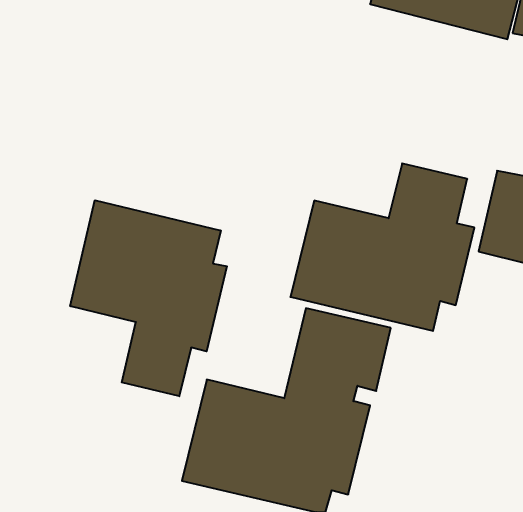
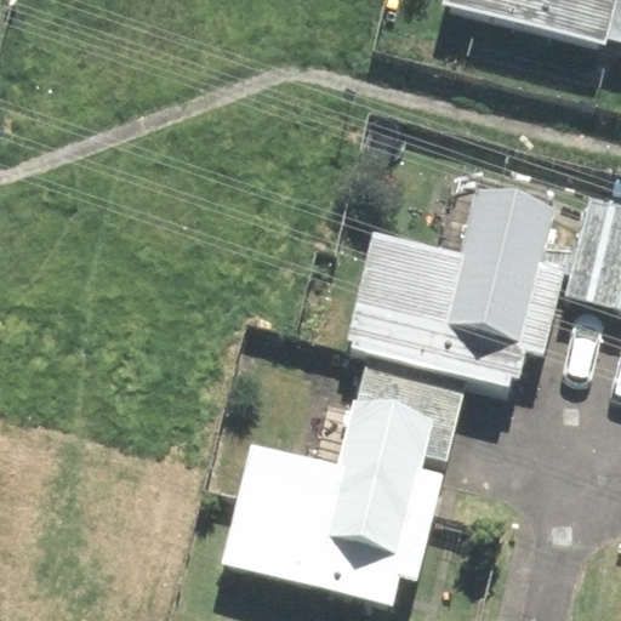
building: [70,200,227,396] -> none

